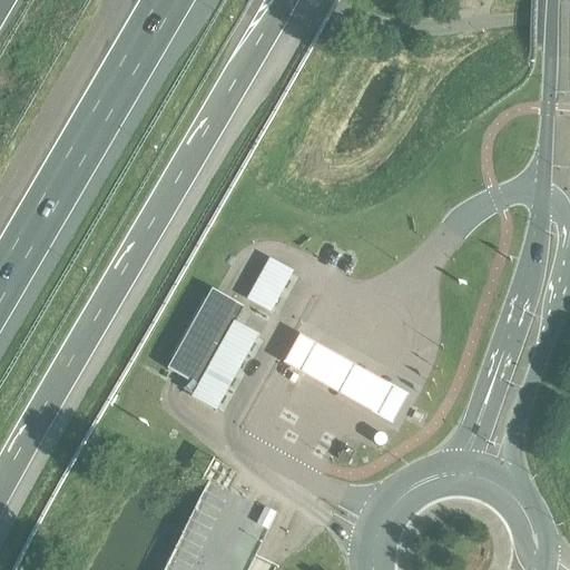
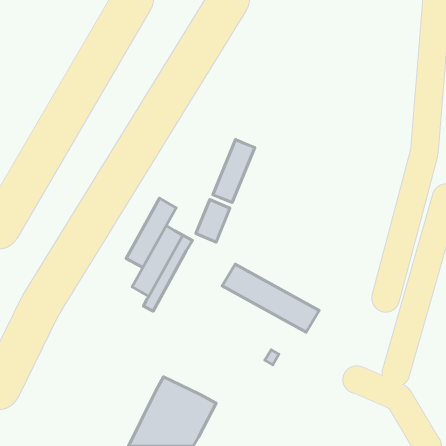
building: none -> [213,140,255,202]
building: [195,320,258,407] -> [126,198,176,267]

